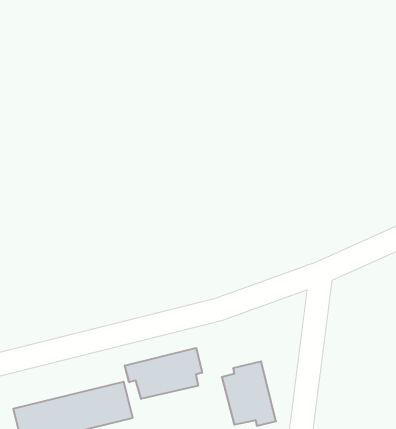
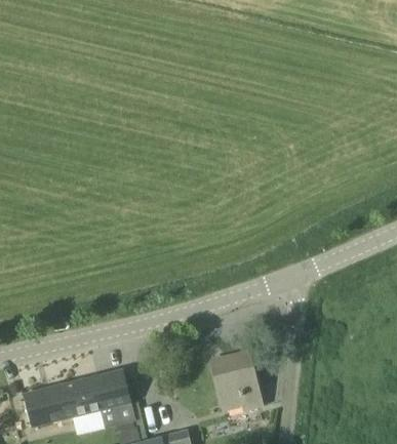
building: [125,348,202,399] -> none

